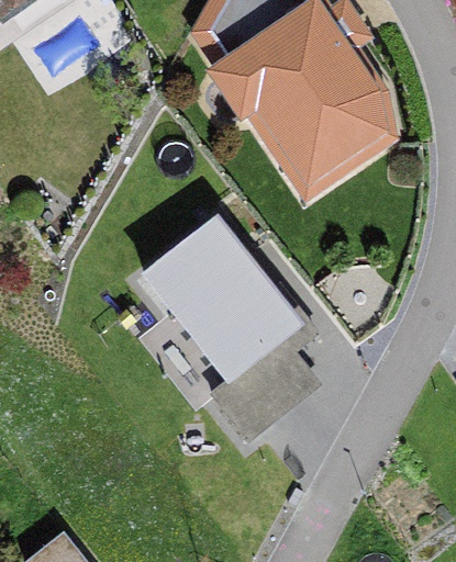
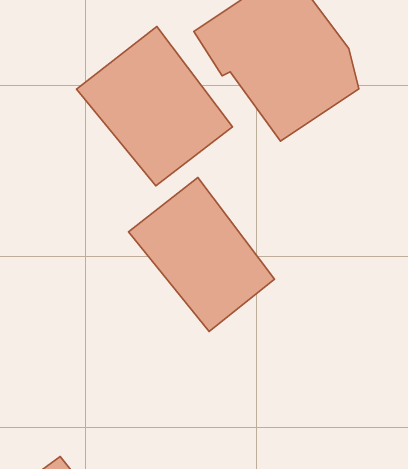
building: none -> [77,26,232,186]

